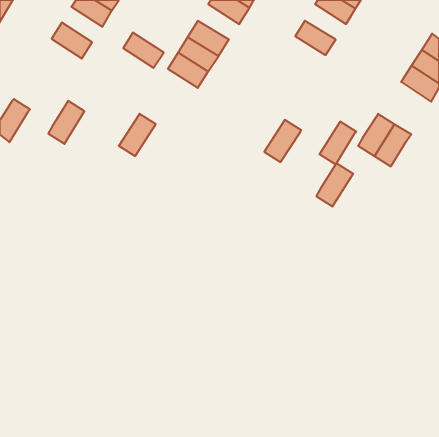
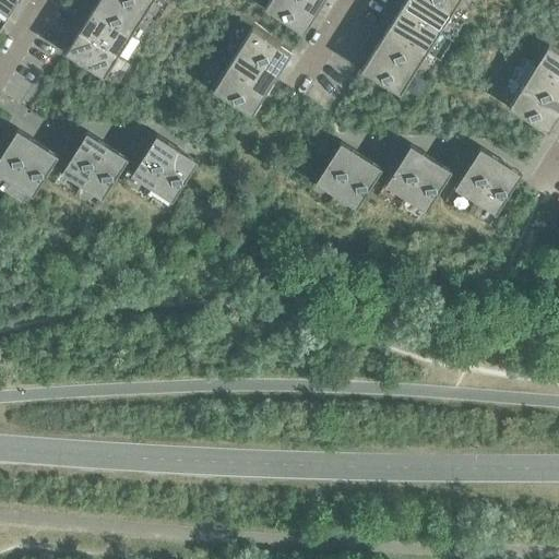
building: none -> [386,10,439,55]
building: [123,33,164,68] -> [79,13,130,58]
building: none -> [361,50,413,95]
building: none -> [130,135,177,189]
building: none -> [12,143,59,197]
building: none -> [314,143,361,197]
building: none -> [82,145,128,200]
building: [316,163,353,206] -> [384,145,431,200]

